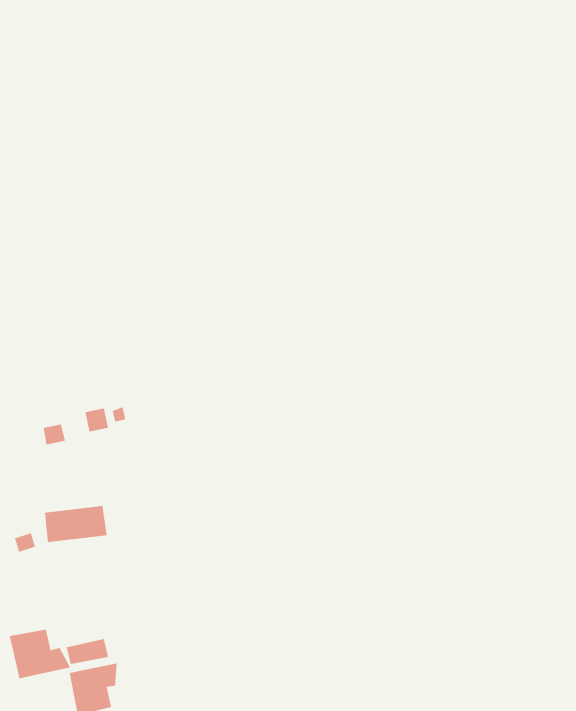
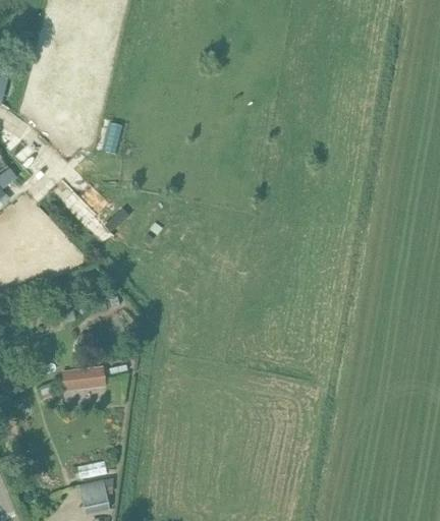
building: [9,629,71,679] -> none

